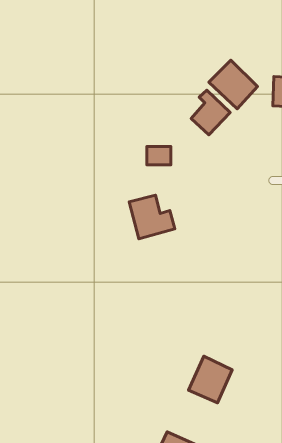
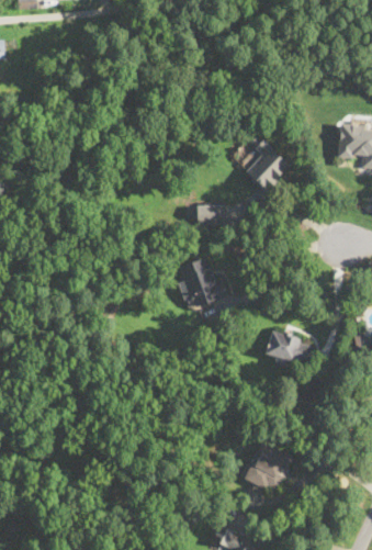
building: [209,60,258,109] -> none
building: none -> [264,328,316,368]

